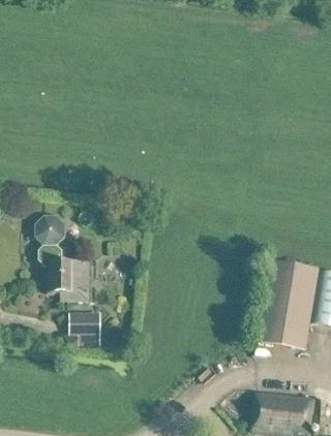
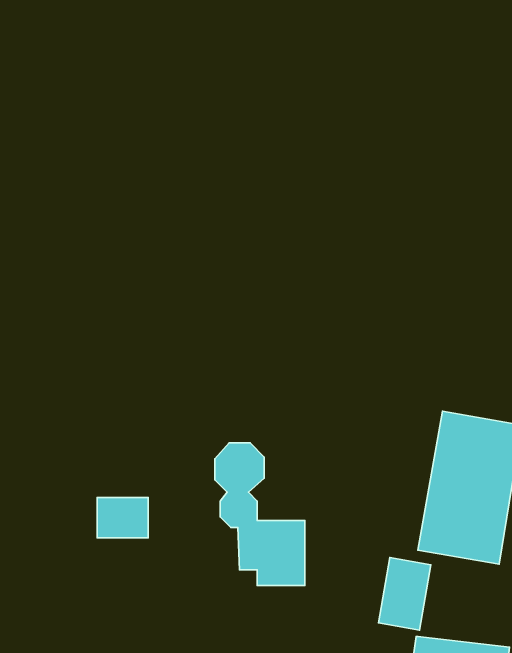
building: [36,216,89,300] -> [215,443,305,586]
building: none -> [378,558,431,630]

